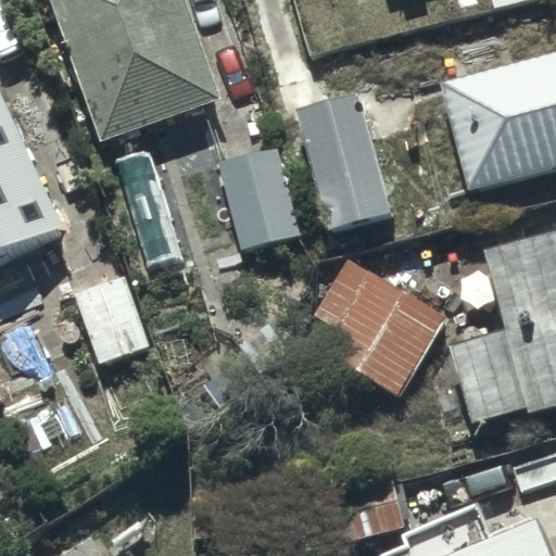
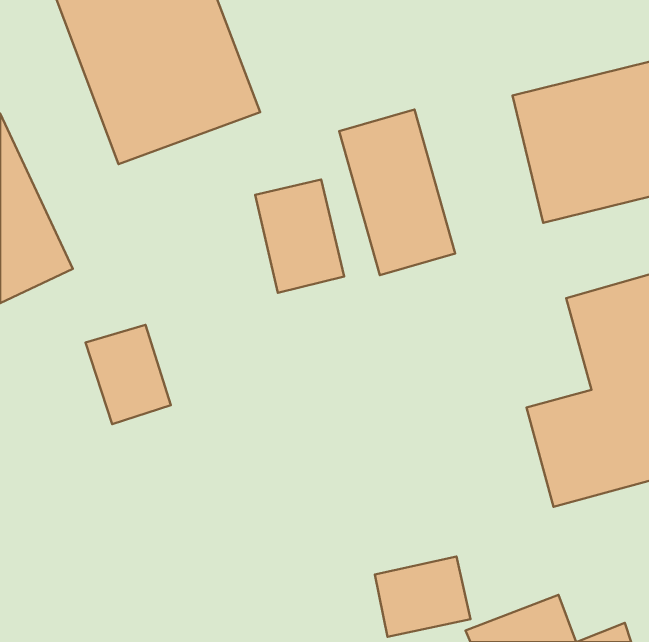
building: [288,255,442,413] -> none

